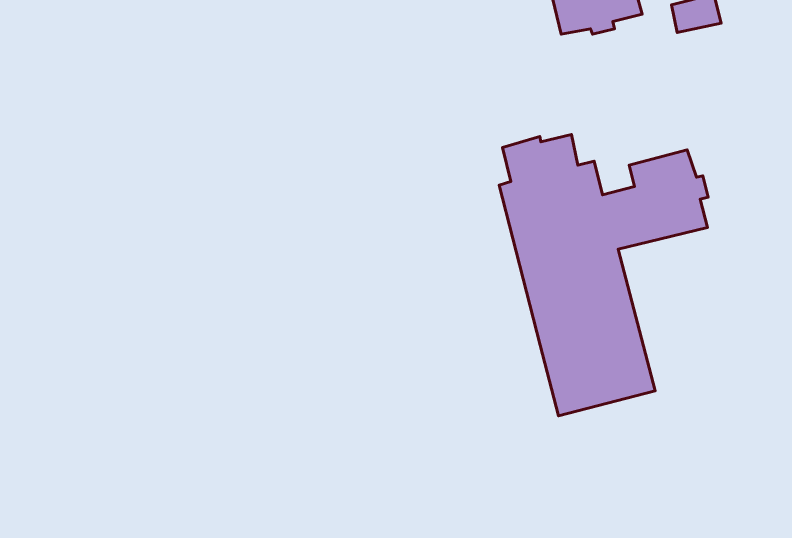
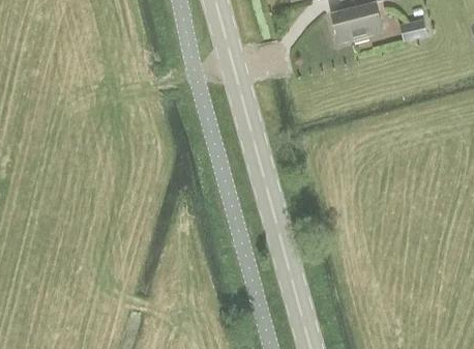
building: [499,134,708,416] -> none

